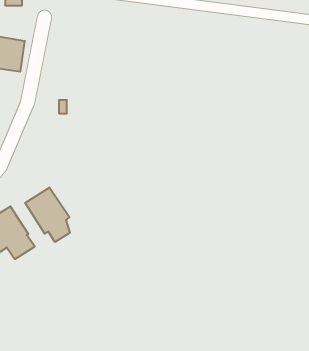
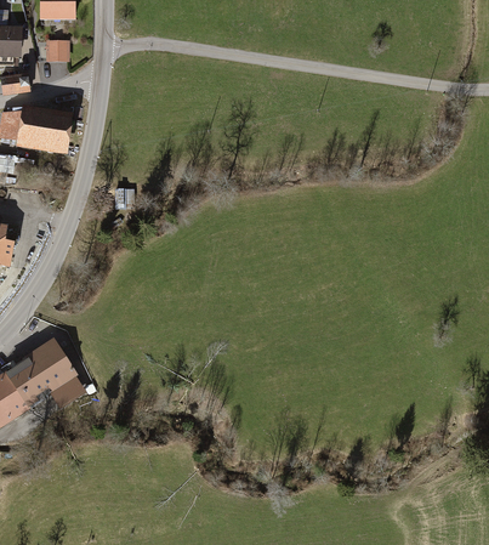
building: [25,187,70,242] -> none

